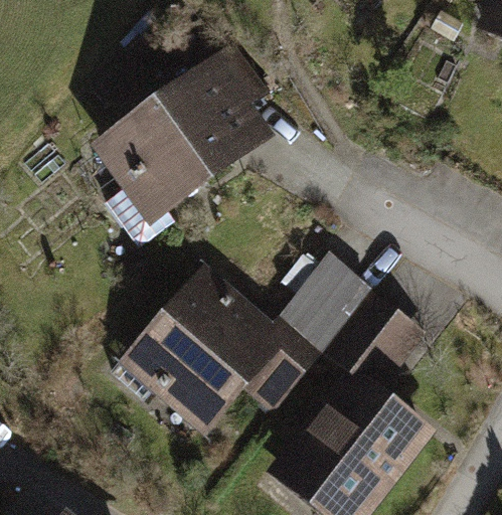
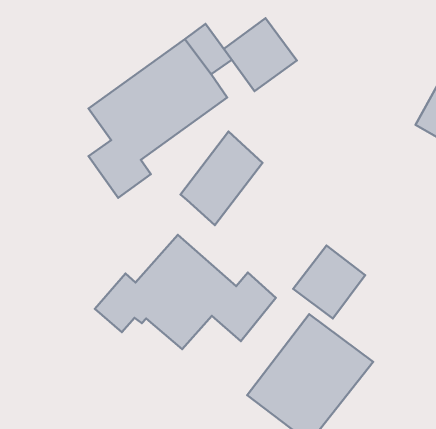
building: none -> [224,18,297,91]
building: [280,250,371,355] -> [181,131,263,225]

